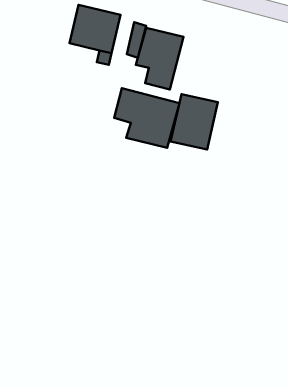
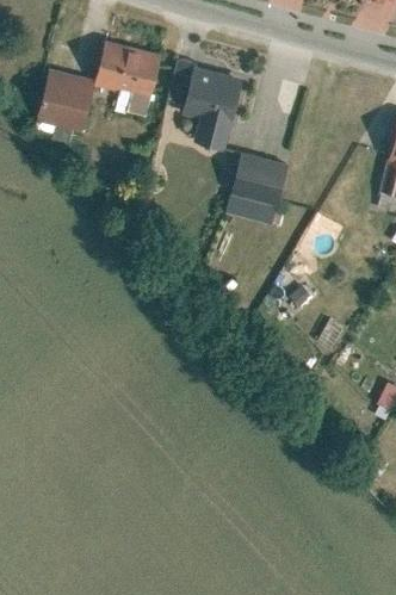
building: none -> [38,72,93,130]
building: [114,88,179,148] -> none

